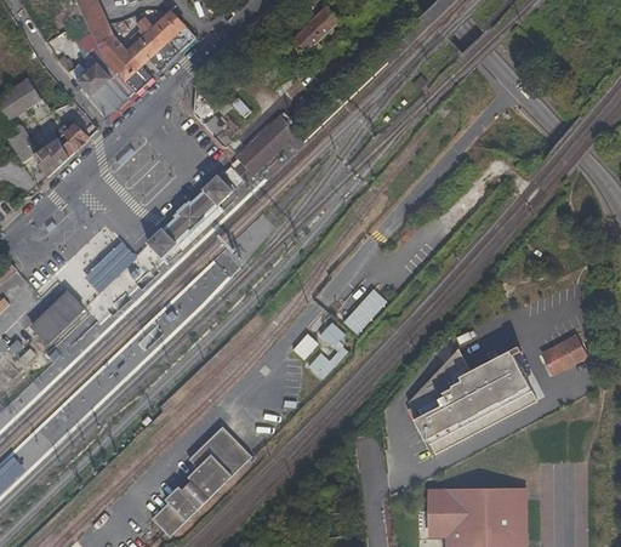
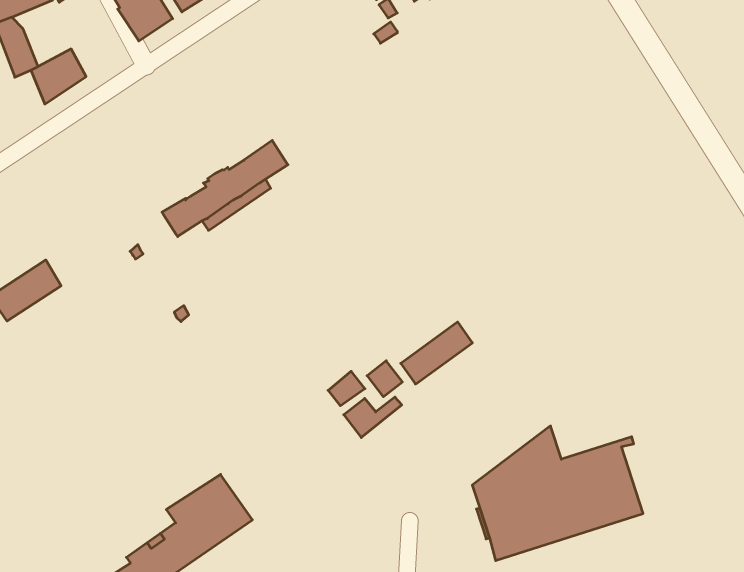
building: [234,116,295,181] -> none
building: [55,119,87,152] -> none
building: [84,240,137,292] -> none
building: [541,335,586,374] -> none

